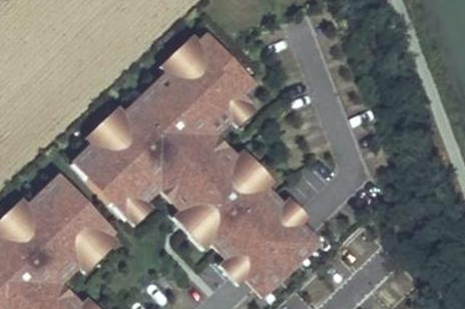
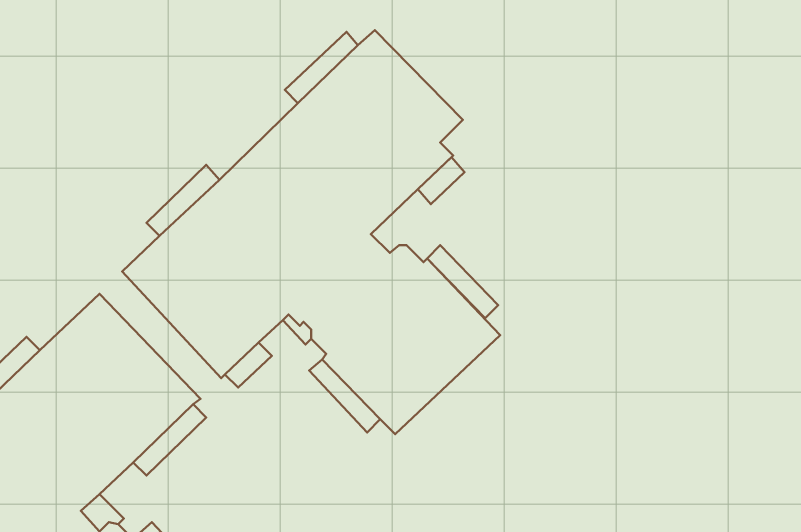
building: [217,197,318,296] -> none

